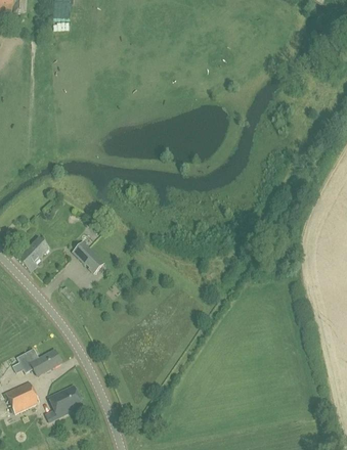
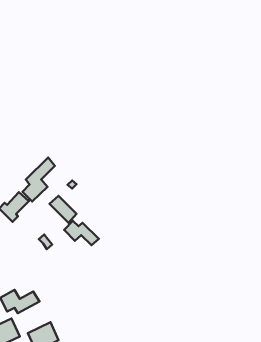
building: none -> [22,157,55,202]
building: none -> [64,221,99,245]

